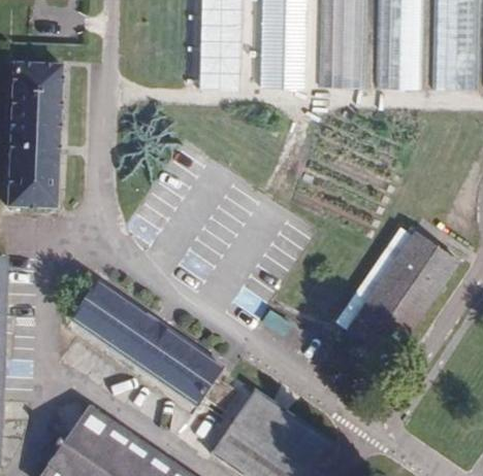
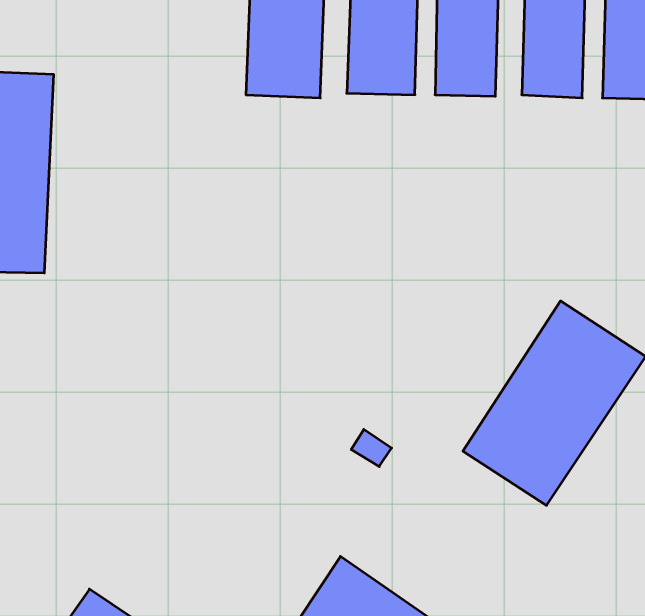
building: [68,282,228,413] -> none

